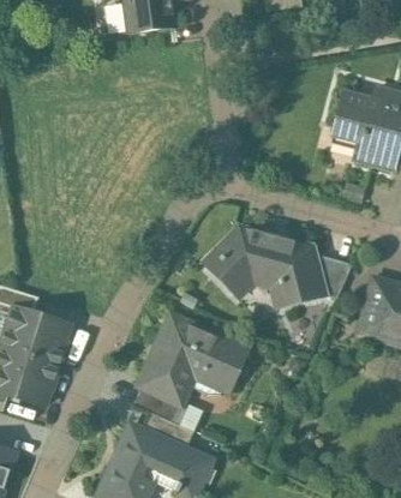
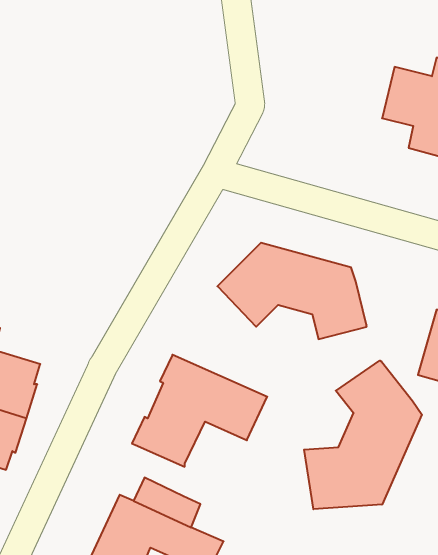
building: [312,258,351,298] -> none
building: none -> [304,361,422,509]
building: [133,386,188,426] -> none

